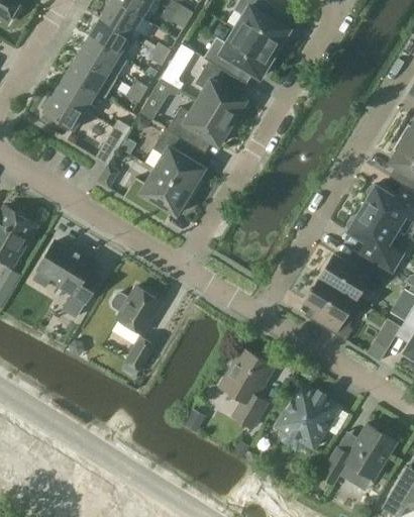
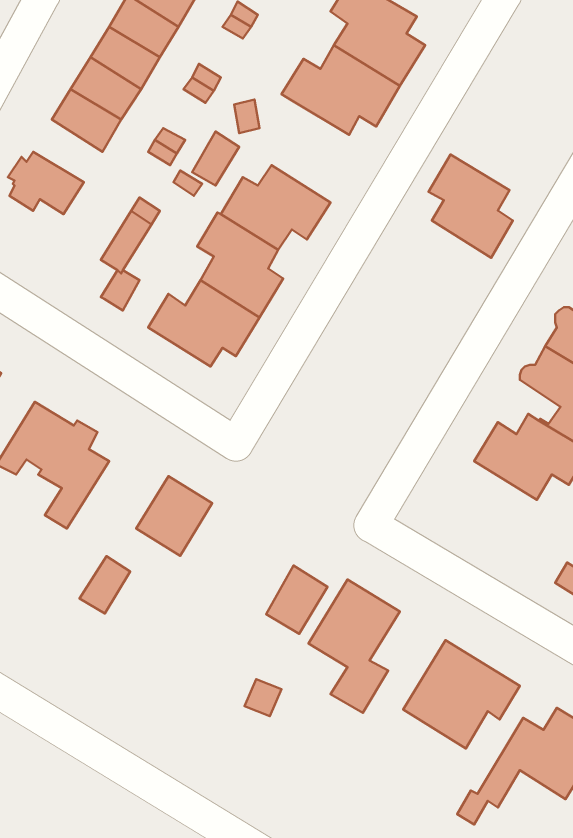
building: [196,62,246,123] -> [428,155,513,258]
building: [56,74,97,111] -> none
building: [305,278,356,341] -> none
building: [124,335,154,370] -> [79,556,130,614]
building: none -> [266,566,328,634]

